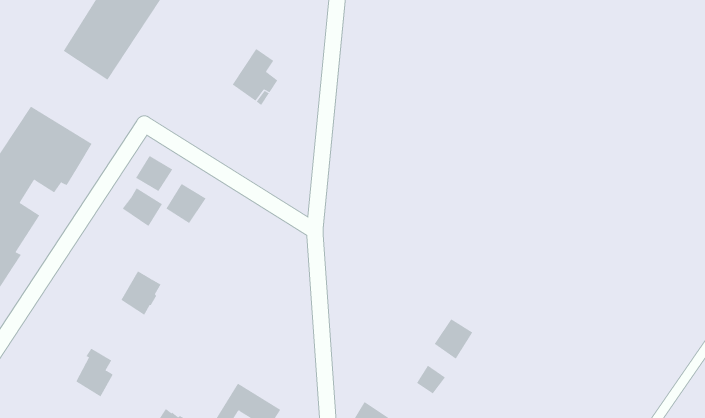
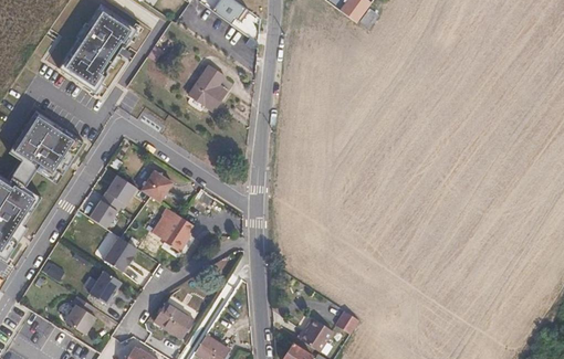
building: [135,155,173,192] -> [87,198,117,226]
building: none -> [149,208,190,251]
building: none -> [91,273,121,307]
building: [434,319,473,359] -> [303,317,334,349]
building: none -> [154,299,191,335]

